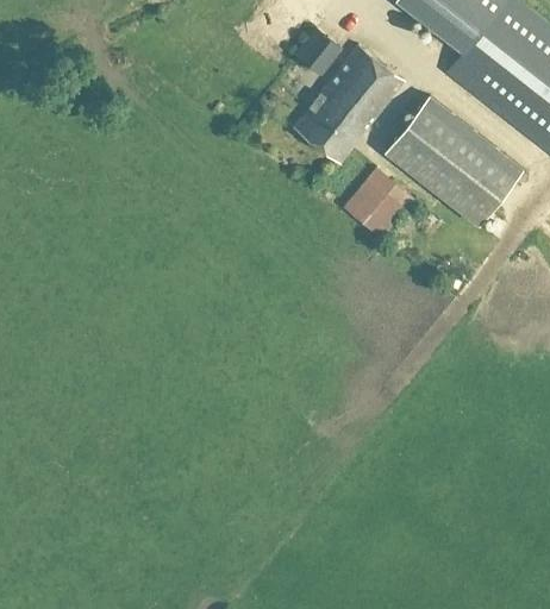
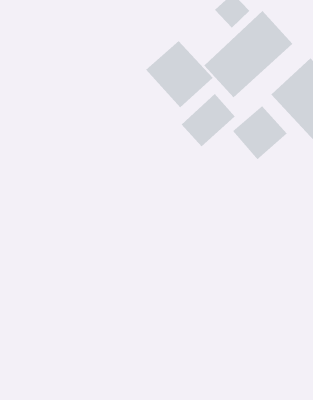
building: none -> [145,40,213,108]
building: none -> [181,93,236,147]

